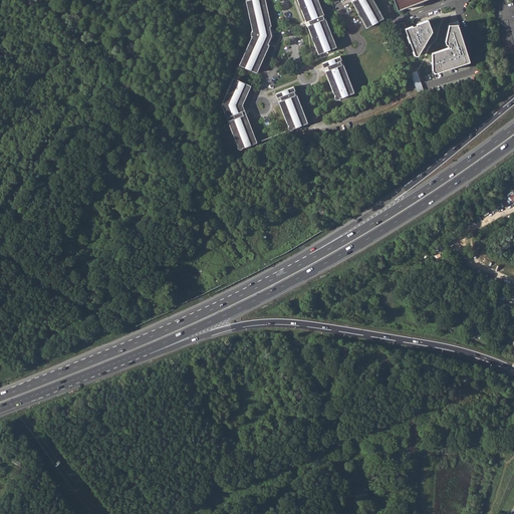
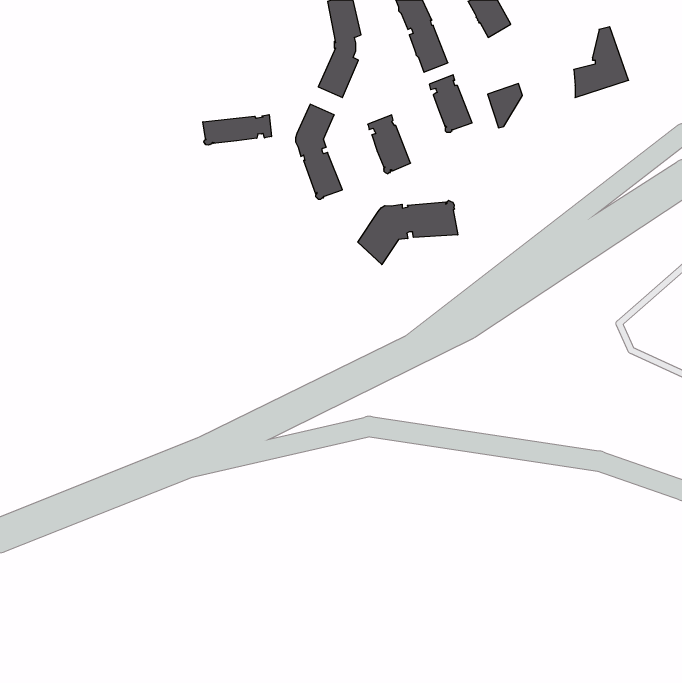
building: [407,19,433,52] -> [488,84,522,128]
building: none -> [203,115,271,145]
building: none -> [358,200,458,265]

